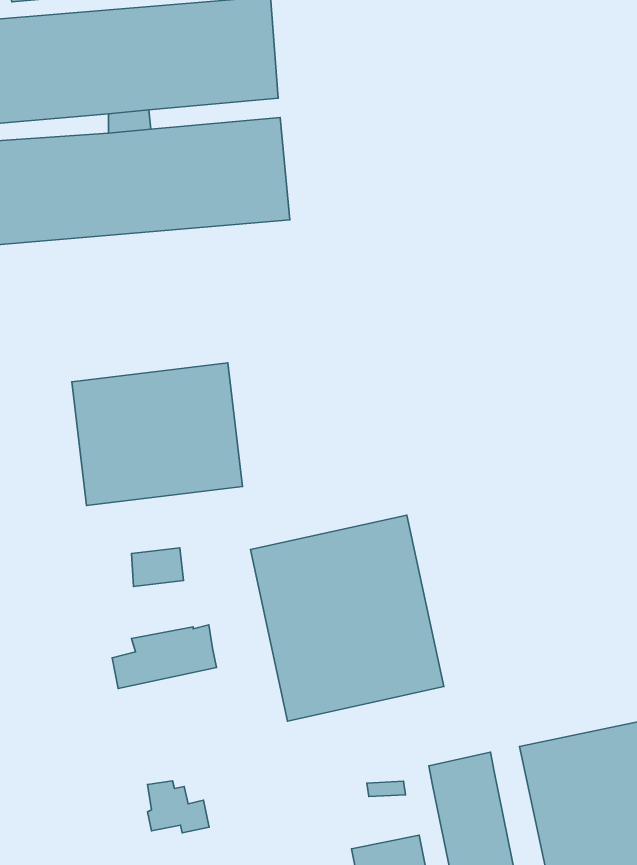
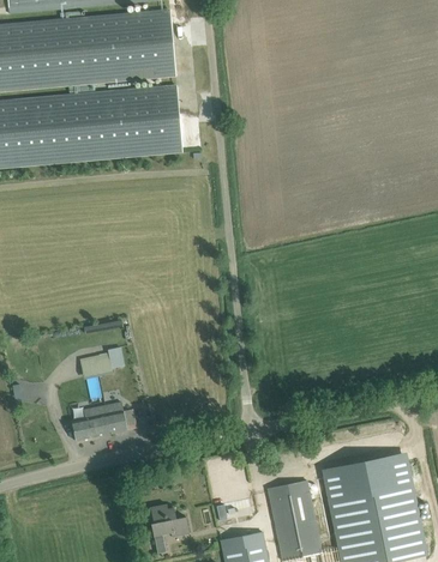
building: [72,363,243,506] -> none
building: [250,515,444,721] -> none
building: [148,781,209,833] -> [150,502,188,534]

